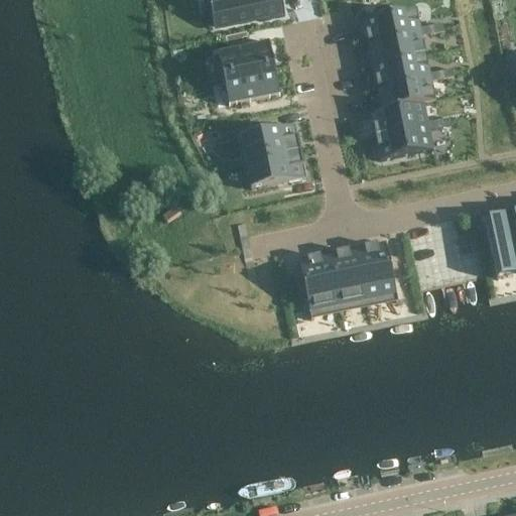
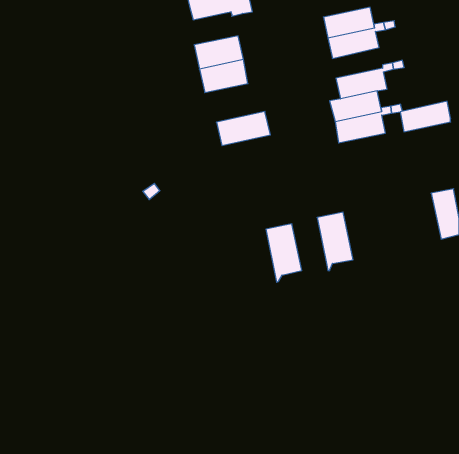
building: [373,53,429,88] -> [400,101,451,132]
building: [249,151,309,190] -> none
building: [328,244,367,309] -> none

